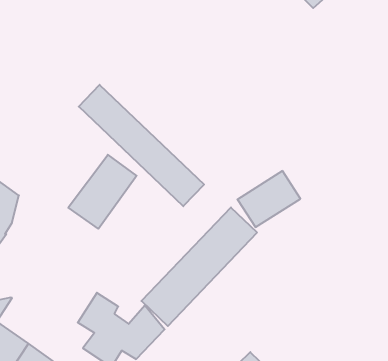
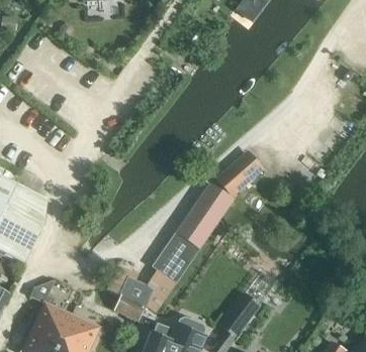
building: [79,85,204,206] -> none
building: [68,155,137,229] -> none

